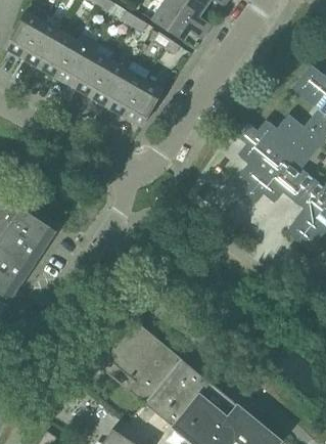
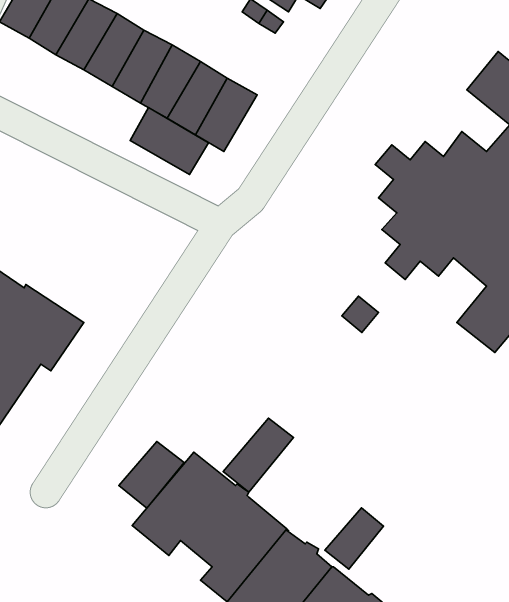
building: none -> [130,108,208,174]
building: none -> [223,418,294,492]
building: none -> [119,441,184,508]
building: none -> [325,508,383,569]

